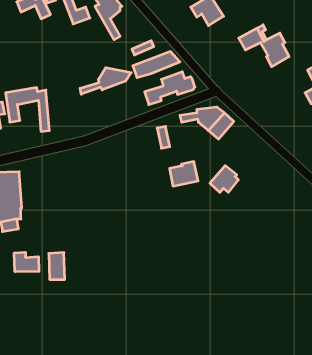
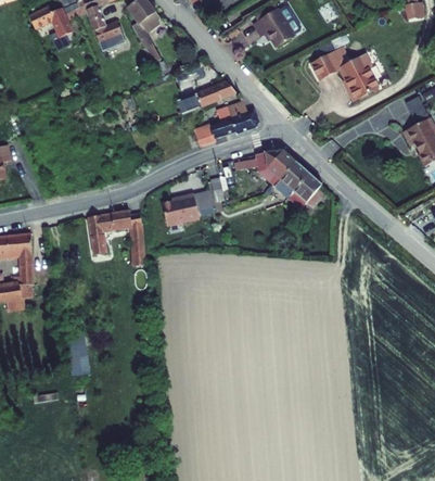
building: [80,68,131,94] -> none
building: [6,88,49,131] -> [88,211,144,267]
building: [170,162,198,186] -> [164,193,201,225]
building: [210,166,238,192] -> [286,170,323,205]
building: [14,252,39,272] -> none

